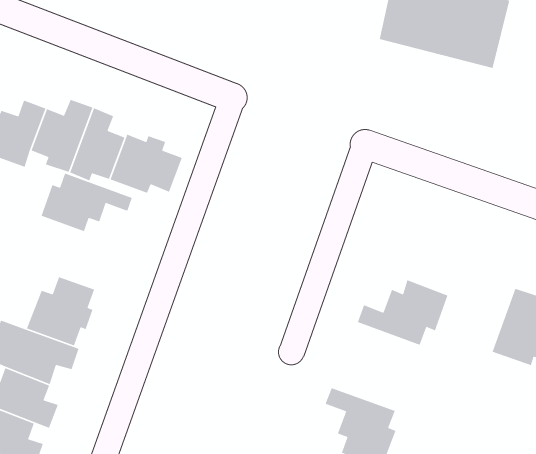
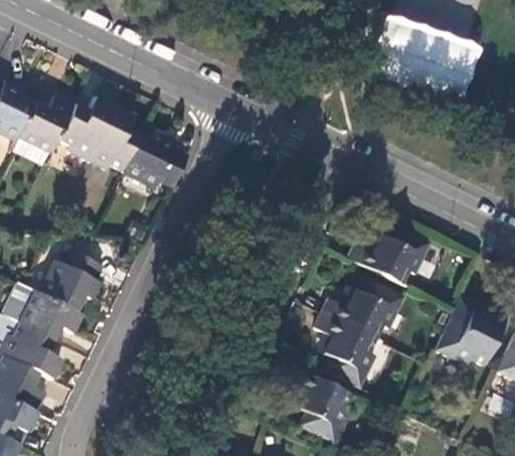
building: [41,172,133,232] -> none
building: none -> [350,224,432,283]
building: none -> [317,313,375,386]

